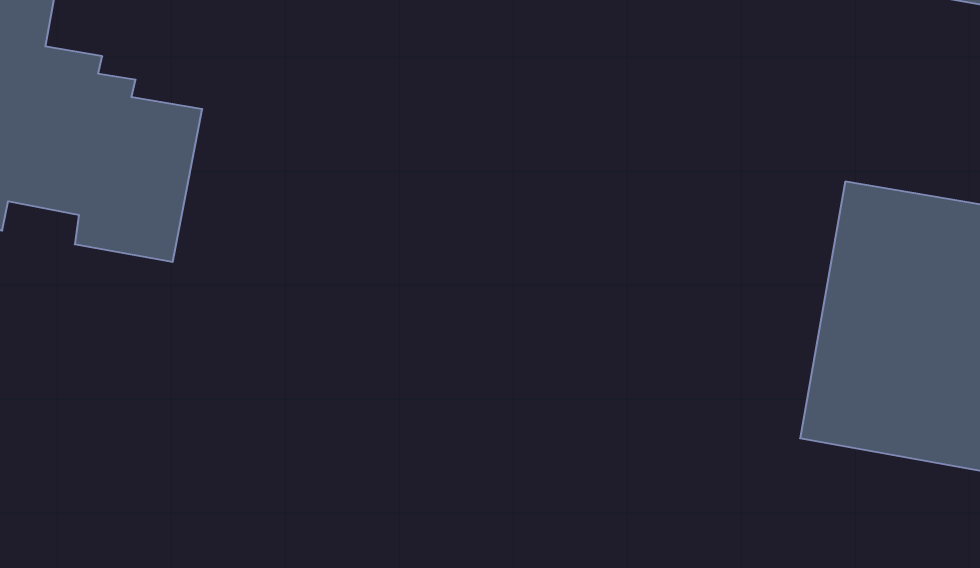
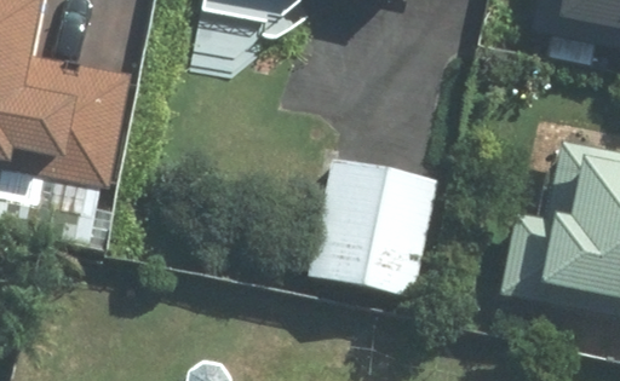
building: none -> [305,156,435,294]

